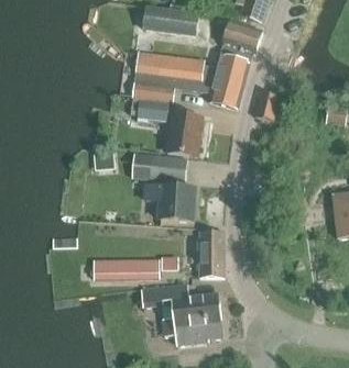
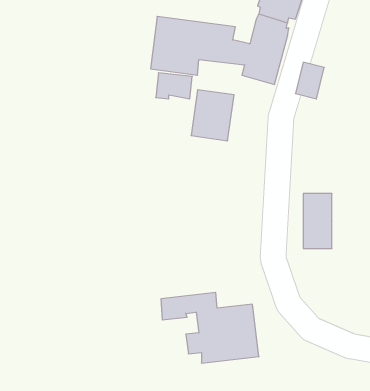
building: [130,153,185,182] -> none
building: [145,185,194,221] -> none
building: [199,231,223,277] -> [303,194,332,248]
building: [92,259,159,277] -> none

